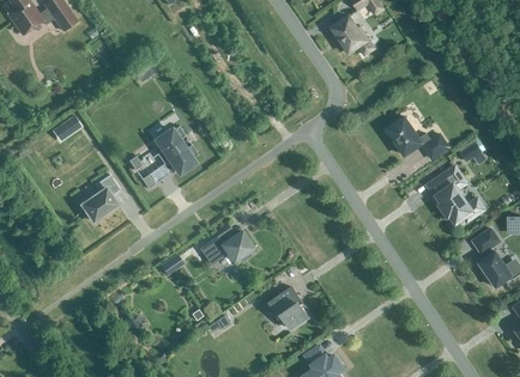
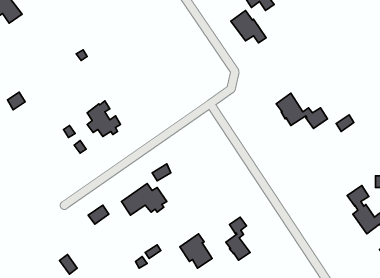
building: [428,166,484,224] -> none
building: [81,175,119,221] -> none
building: none -> [226,217,250,260]

